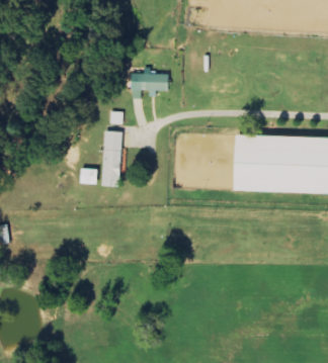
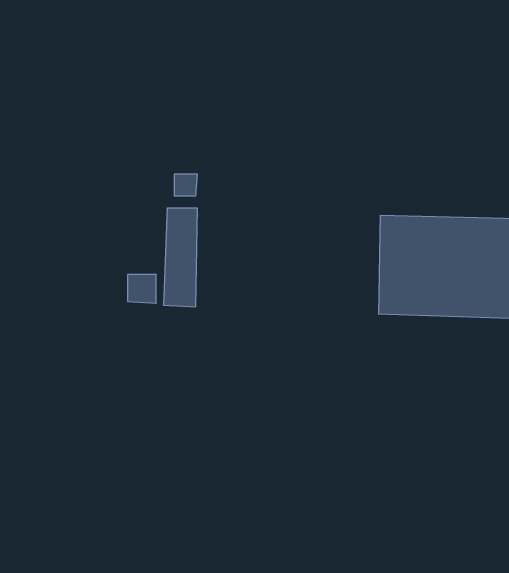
building: [133,67,170,90] -> none

